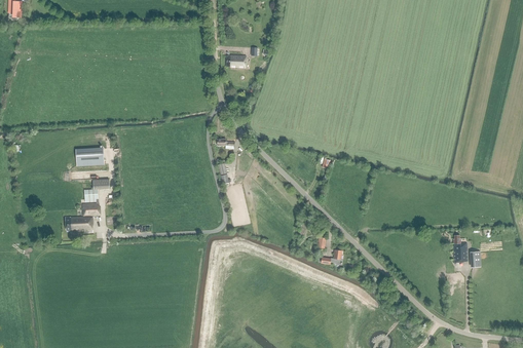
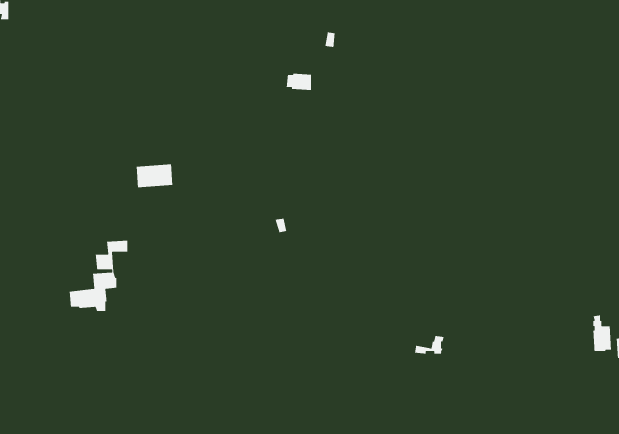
building: [76,146,104,164] -> [136,163,173,188]

